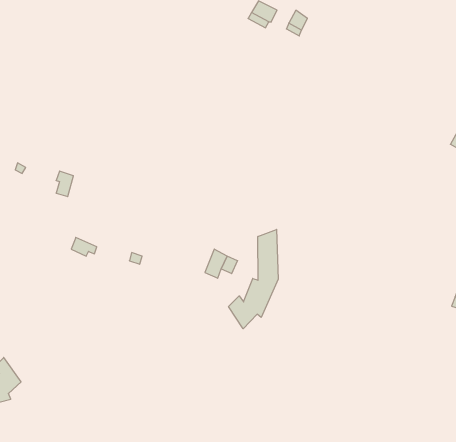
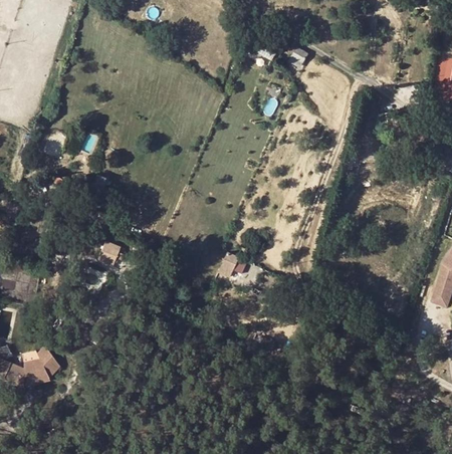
building: [229,229,278,329] -> none

